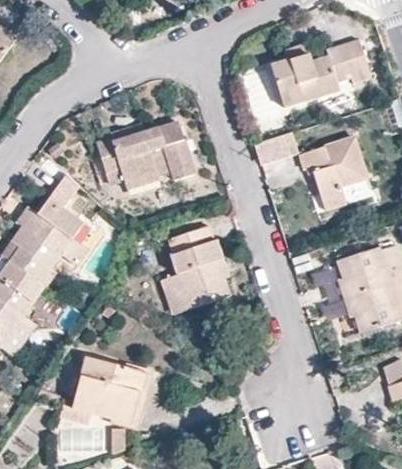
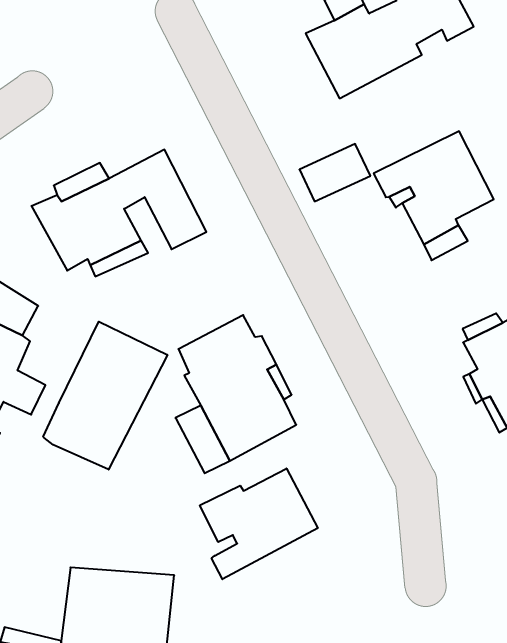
building: none -> [43,322,167,470]
building: none -> [200,468,318,579]

